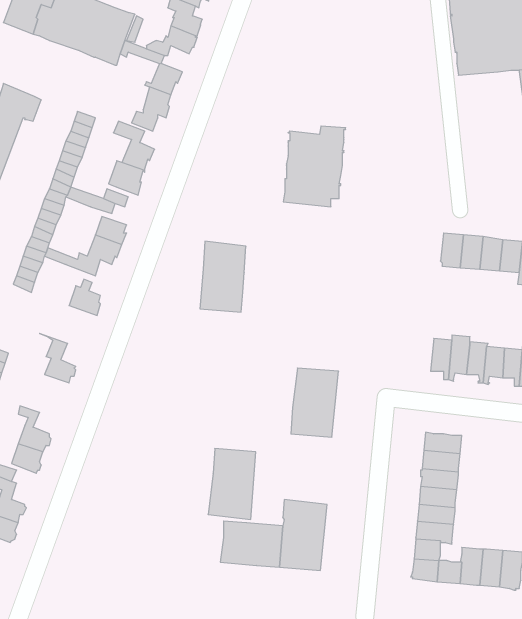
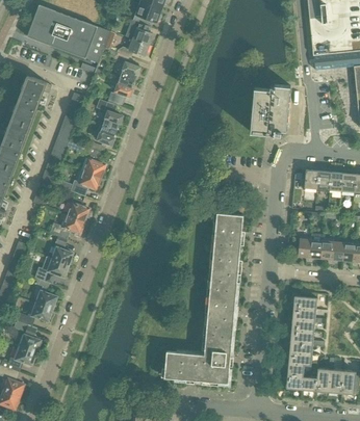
building: [283,126,346,207] -> [251,84,290,135]
building: [200,241,246,312] -> [213,212,242,257]
building: none -> [50,215,86,239]
building: none -> [34,257,69,284]
building: [208,449,256,519] -> [205,296,235,341]

